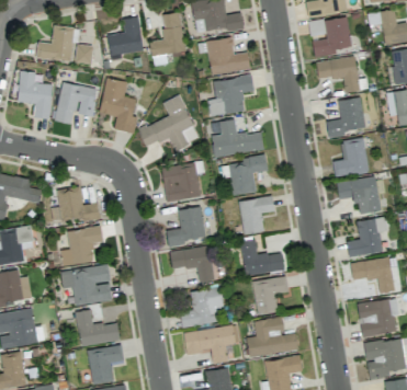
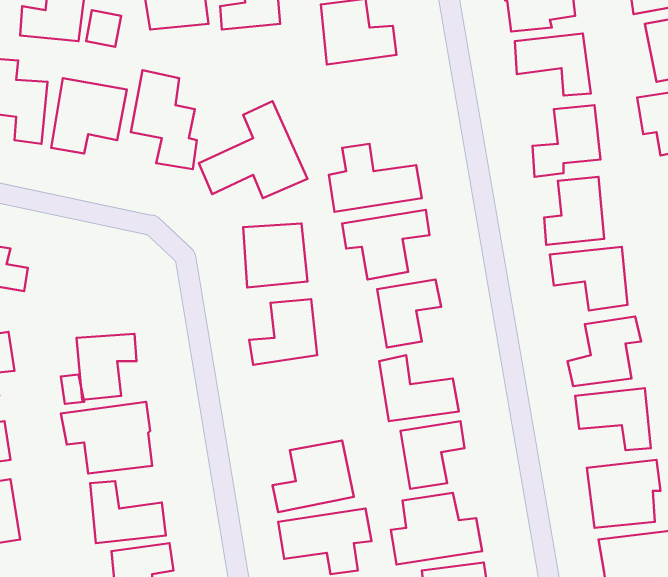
building: [207,74,255,116] -> none
building: [52,186,101,223] -> none
building: [170,245,215,282] -> none

